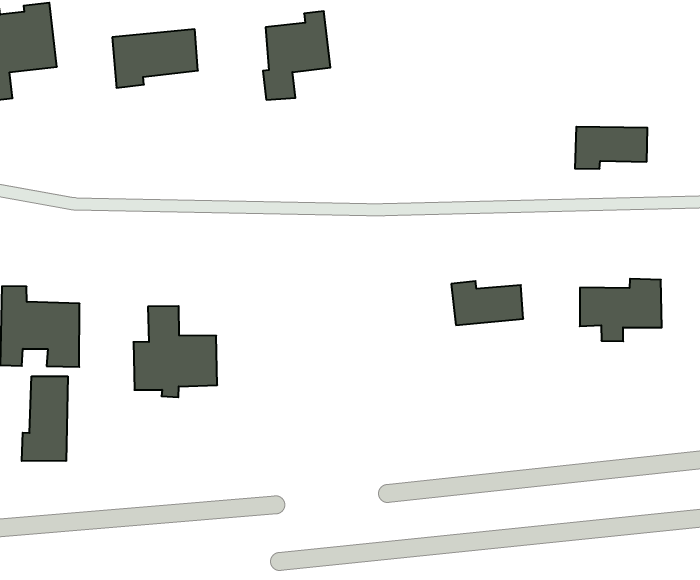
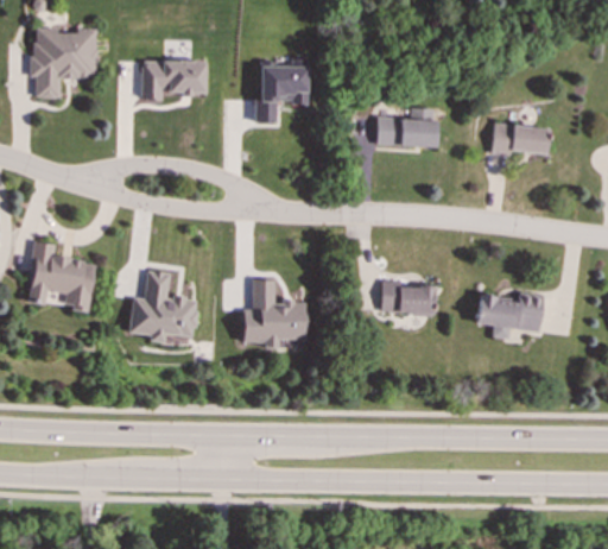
building: none -> [376,108,437,147]
building: [575,127,647,169] -> [492,122,551,157]
building: none -> [242,280,305,349]
building: [22,376,68,461] -> none

